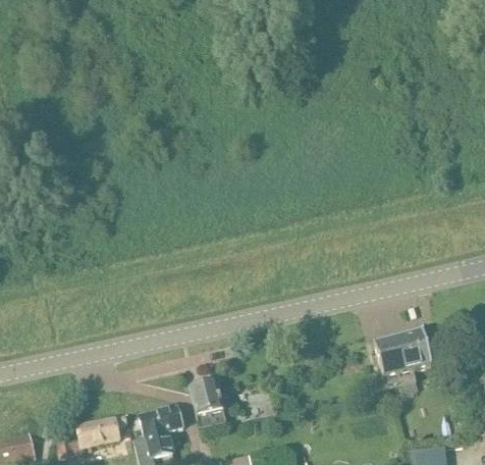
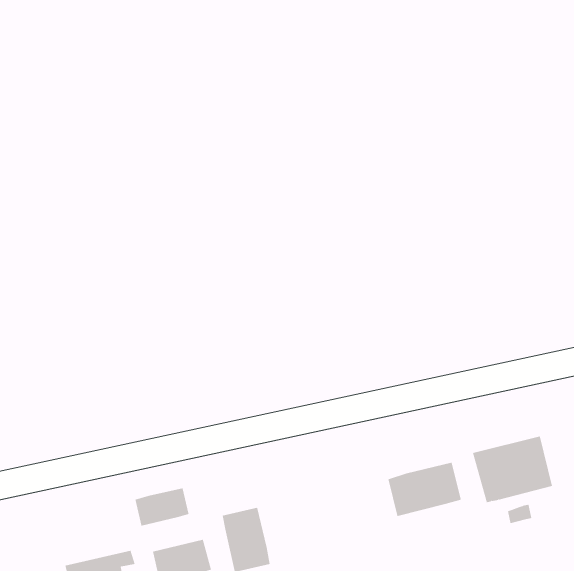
building: none -> [388,462,461,517]
building: none -> [135,487,189,526]

